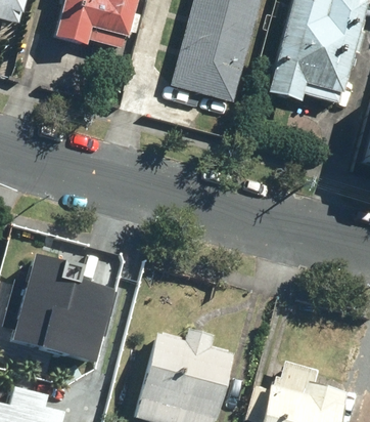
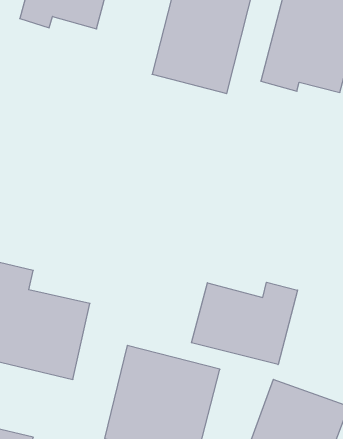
building: none -> [191,282,298,365]

